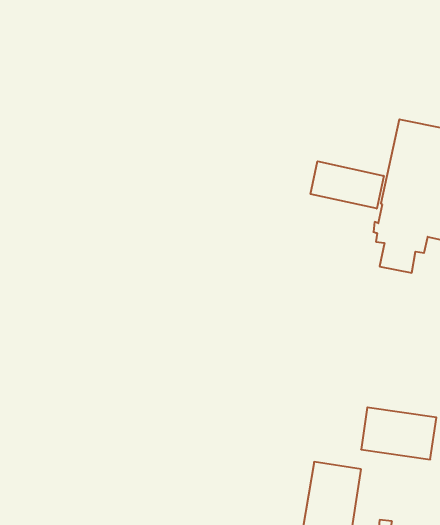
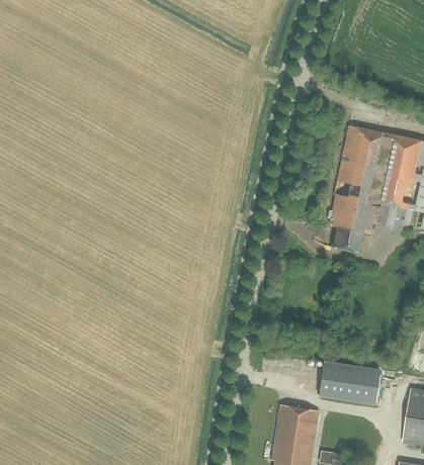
building: [311,161,384,209] -> none

